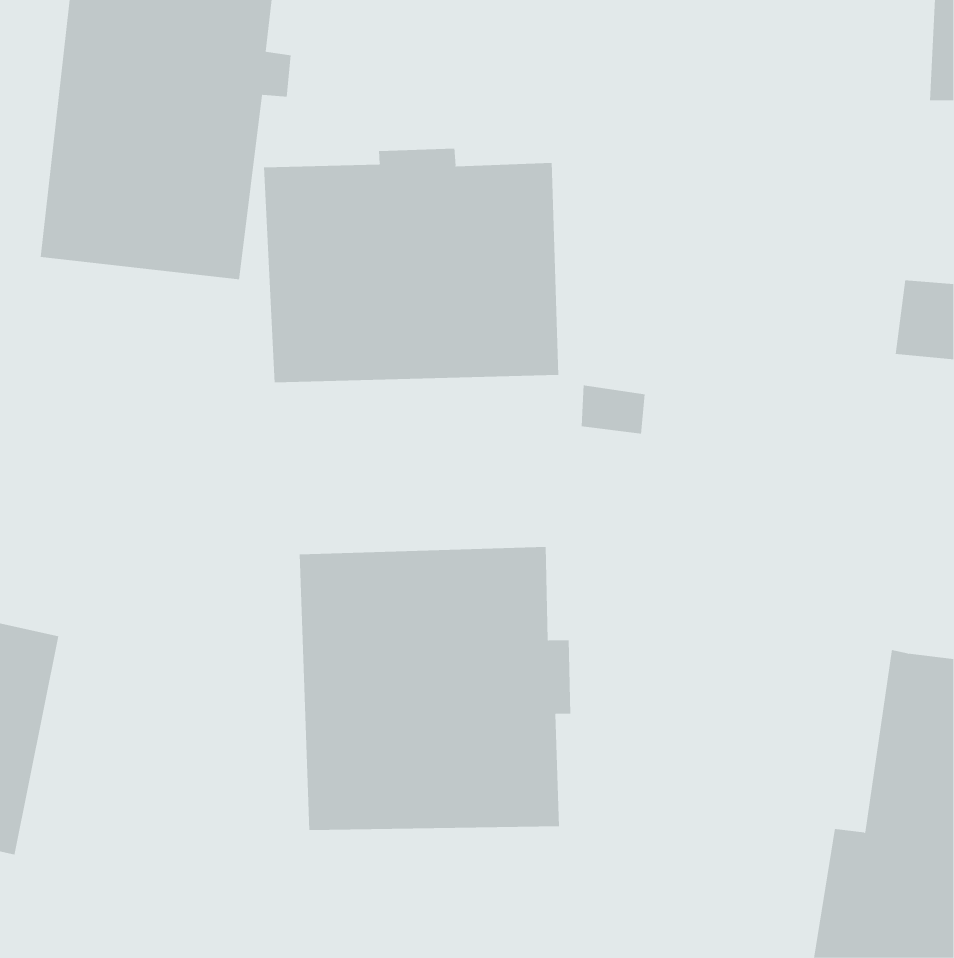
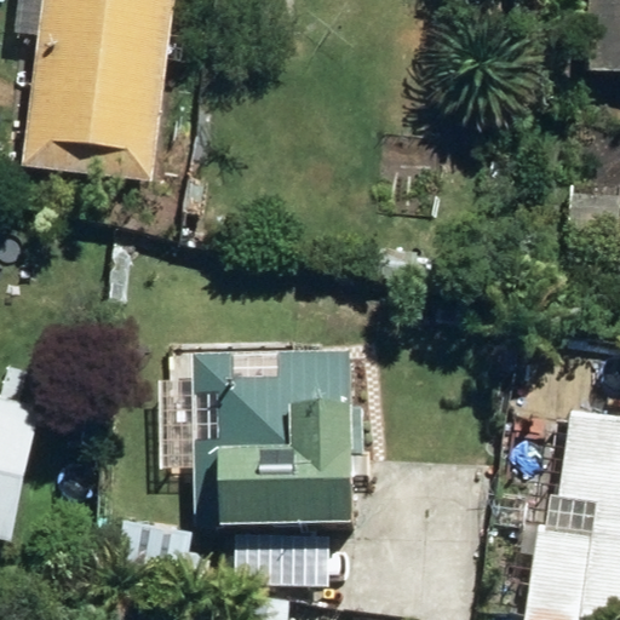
building: [263,148,559,383] -> none

